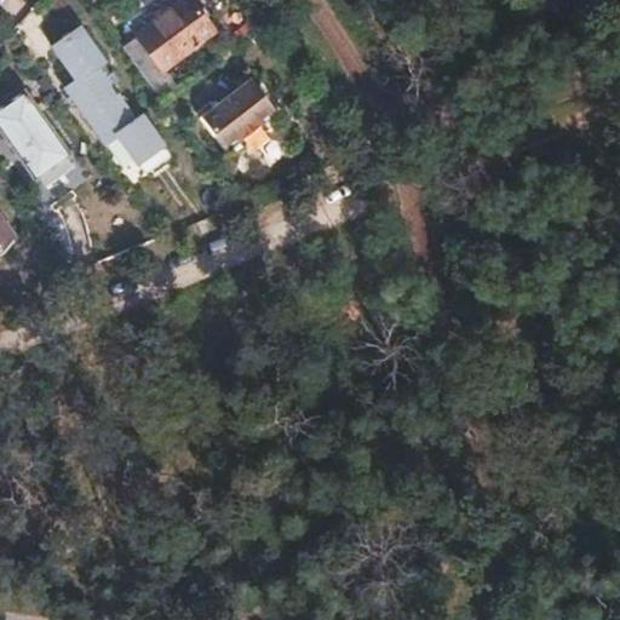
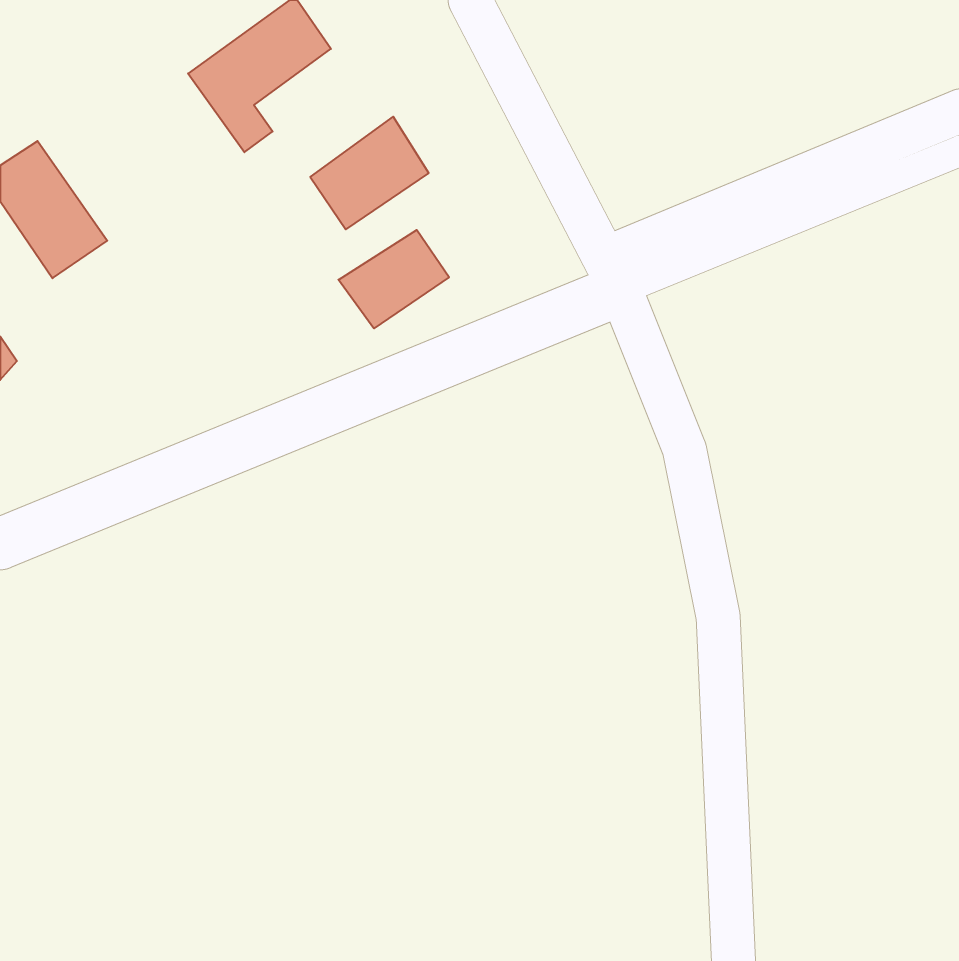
building: [53,30,163,165] -> none
building: none -> [338,230,449,328]

